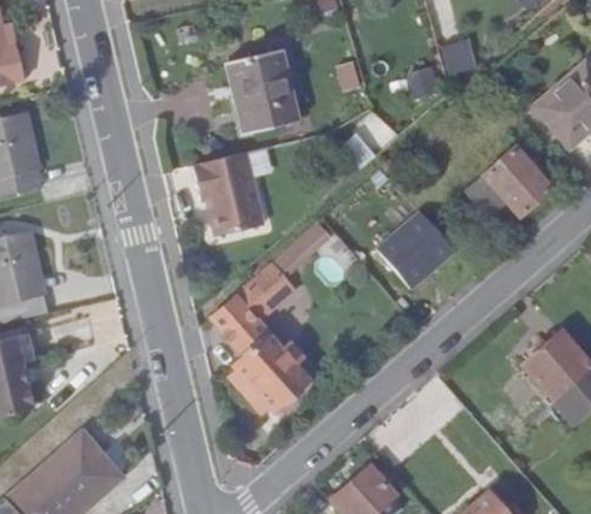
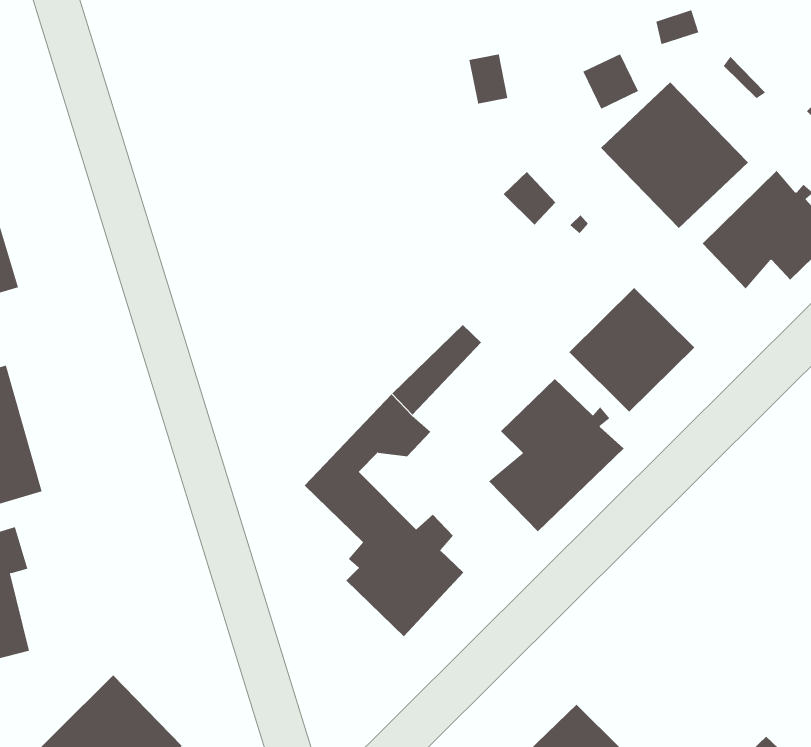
building: [224,47,297,134] -> none
building: none -> [600,81,749,229]
building: [193,152,264,238] -> none
building: none -> [488,378,624,532]

